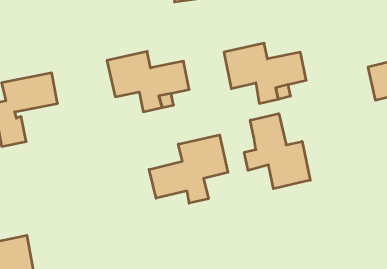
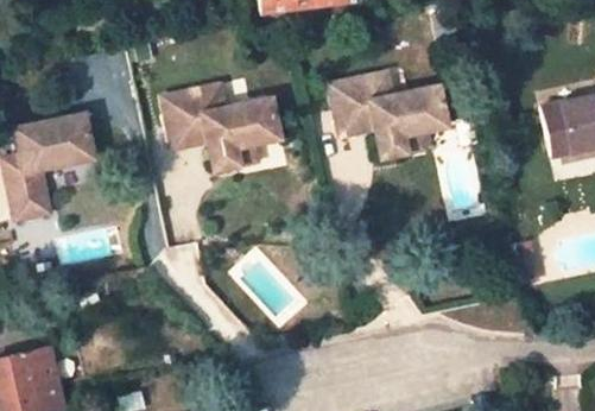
building: [244,114,310,189] -> none
building: [149,135,228,203] -> none

